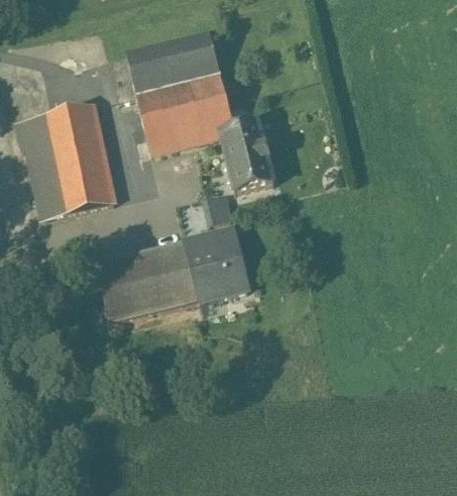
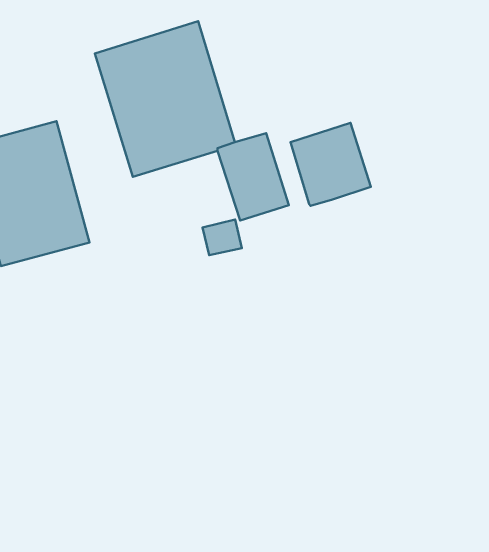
building: none -> [290,123,371,206]
building: [96,228,247,320] -> none

